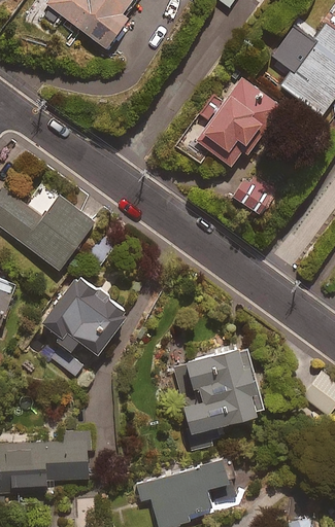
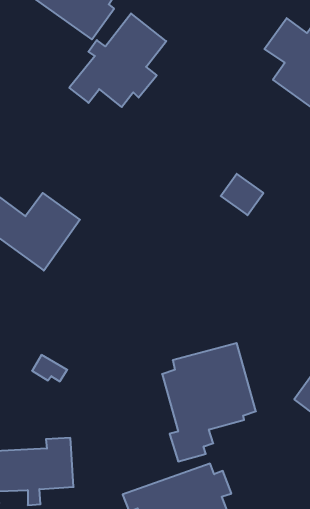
building: [181,78,275,169] -> [69,13,166,107]
building: [40,268,130,354] -> none

